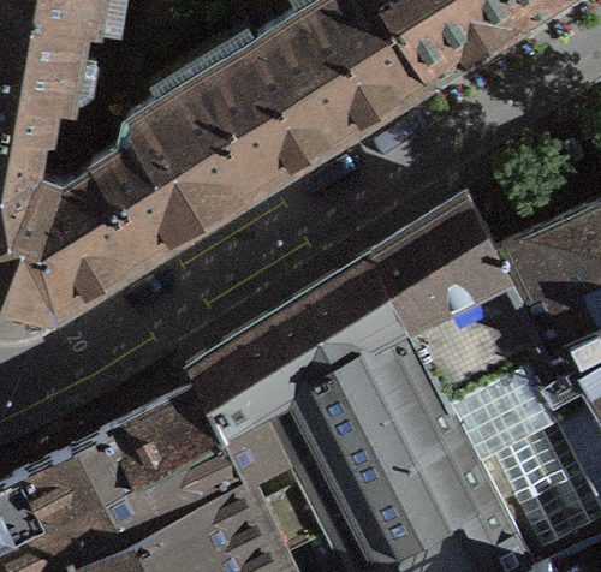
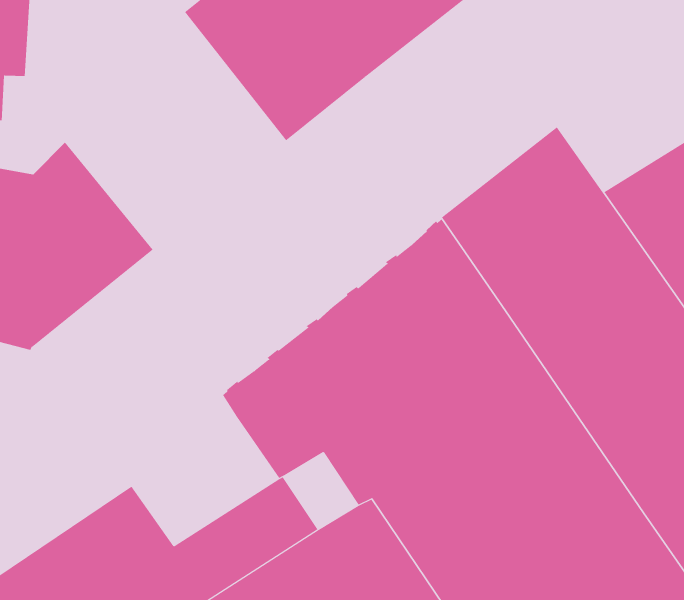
building: [101,76,268,252] -> none
building: [119,387,231,478] -> none

